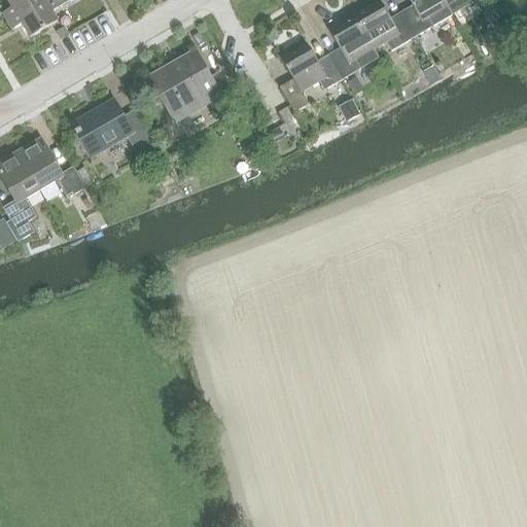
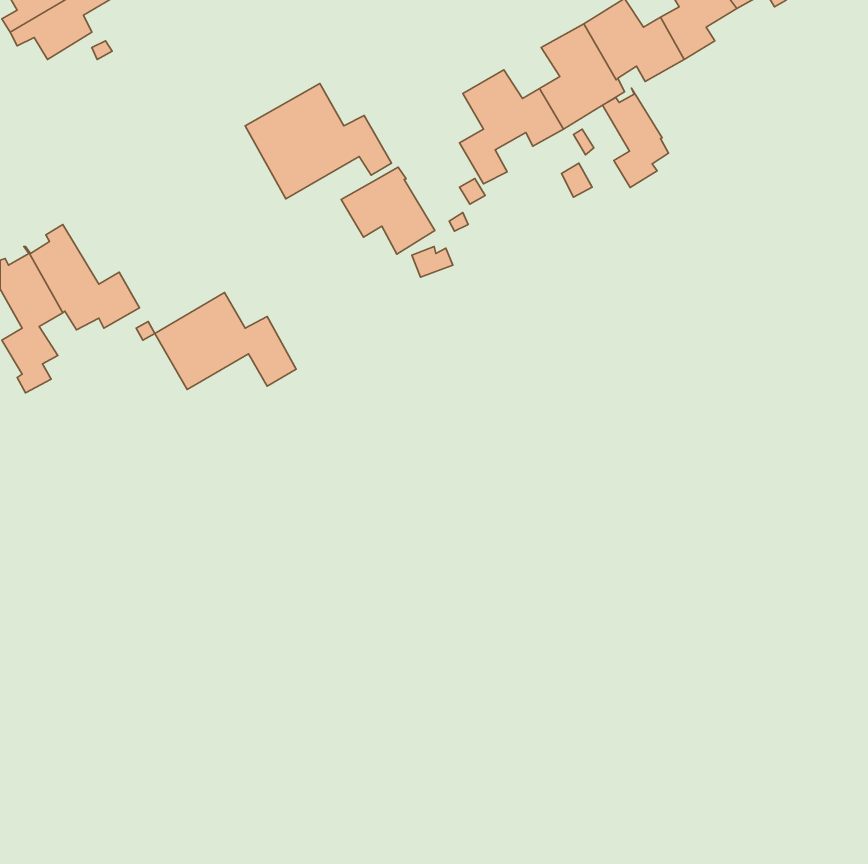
building: none -> [603,88,669,188]
building: [70,98,155,156] -> [155,293,296,389]
building: none -> [341,167,435,254]

